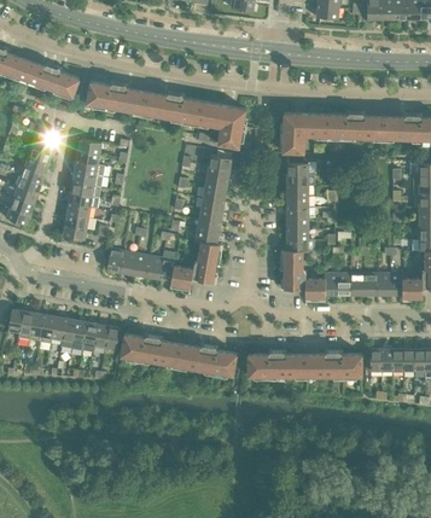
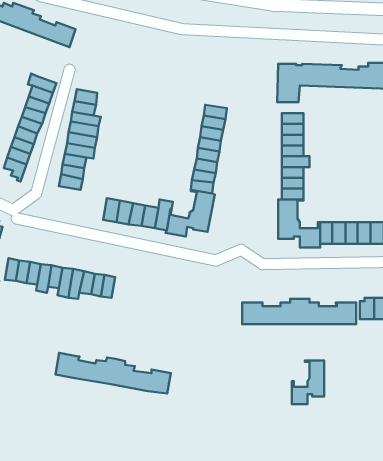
building: [86,82,245,147] -> none
building: [120,333,235,374] -> [56,353,171,394]
building: none -> [292,361,324,404]

